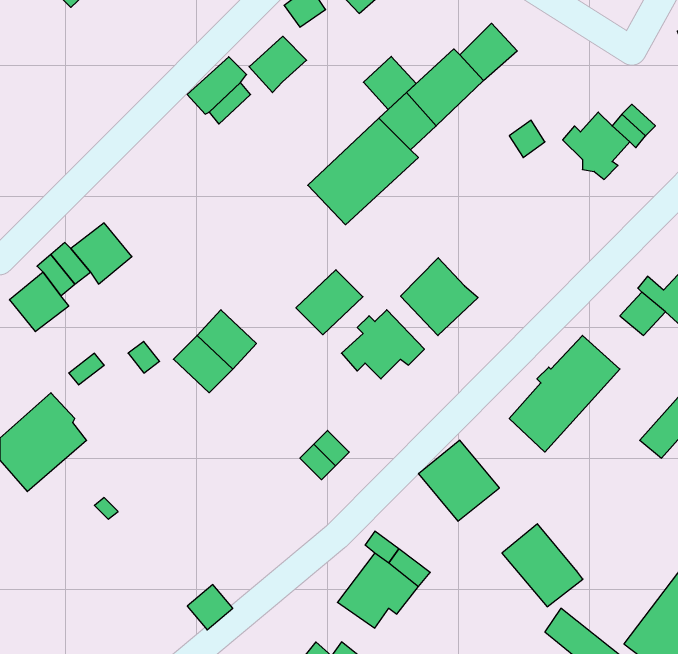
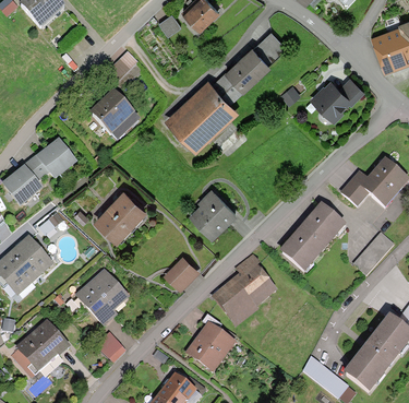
building: [249,36,307,93] -> none
building: [363,56,416,109] -> none
building: none -> [91,93,132,134]
building: [401,258,478,336] -> none
building: [296,270,363,335] -> none
building: none -> [76,271,124,323]
building: [502,524,583,607] -> [212,283,256,329]
building: none -> [17,323,68,367]

